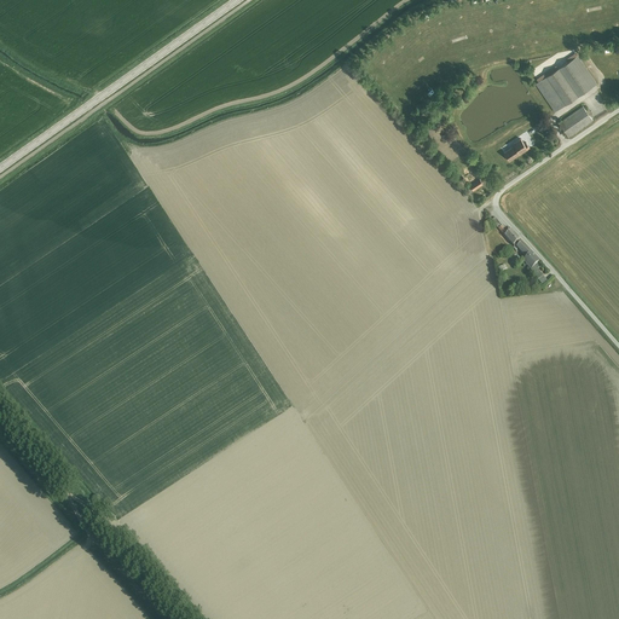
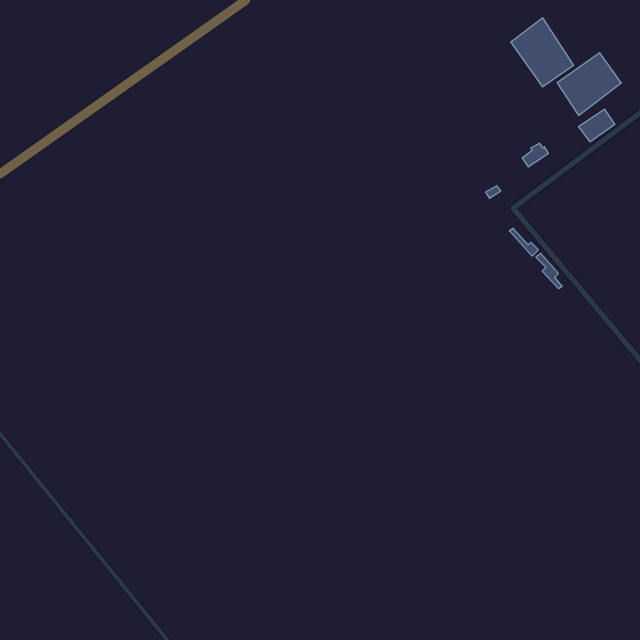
building: none -> [511,18,574,87]

